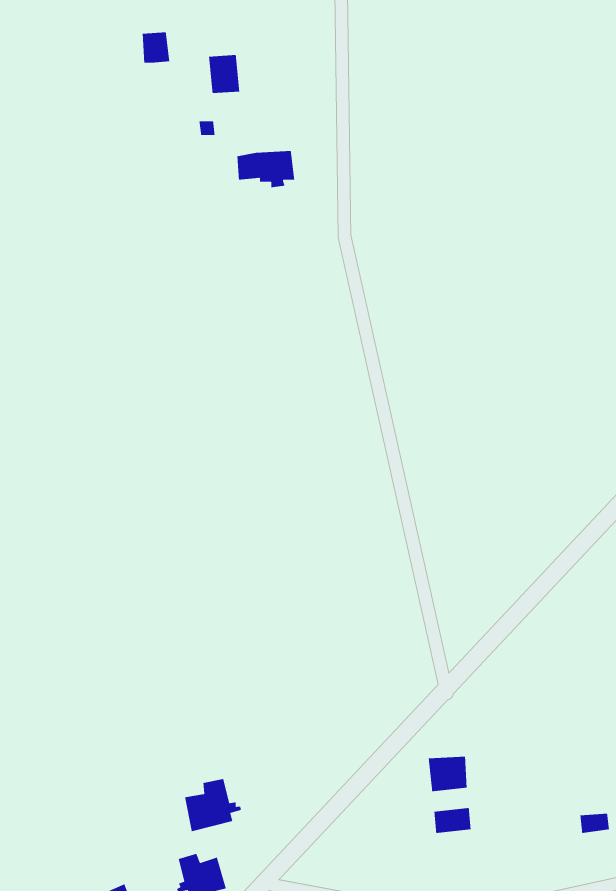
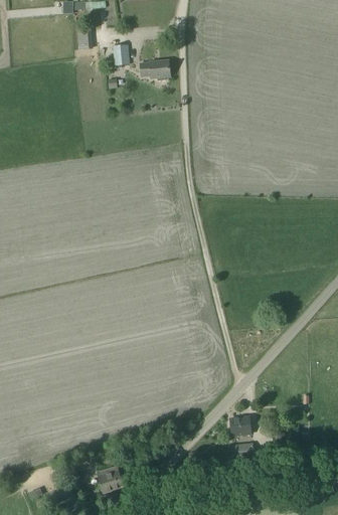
building: [236,150,295,188] -> [139,59,170,79]
building: [184,778,241,832] -> none

